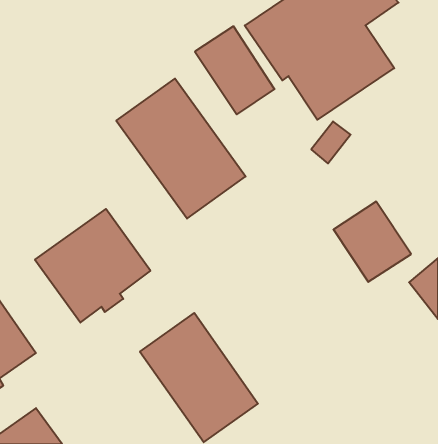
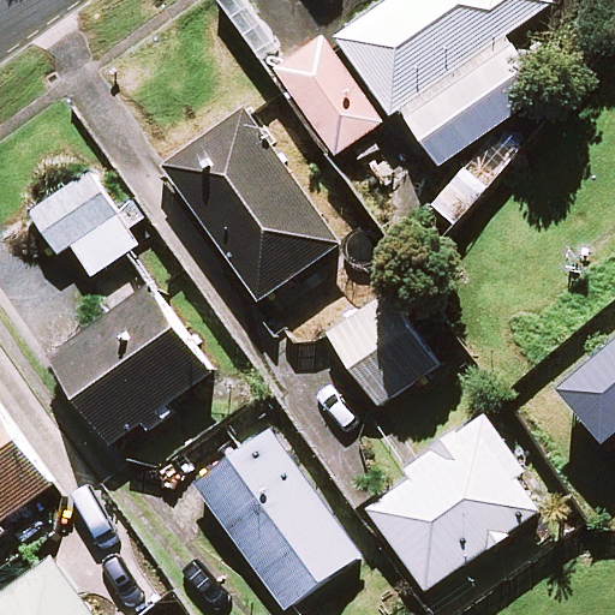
building: none -> [26,172,141,274]
building: [333,202,411,282] -> [324,292,431,402]
building: none -> [366,413,538,589]

